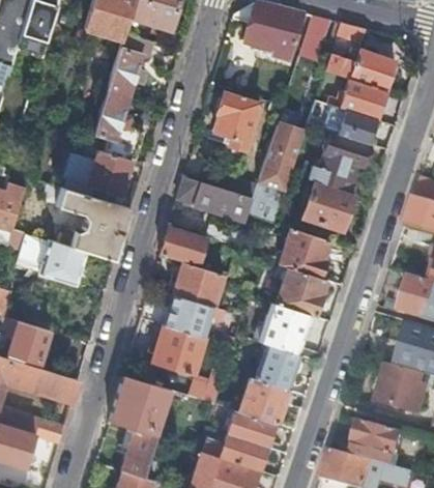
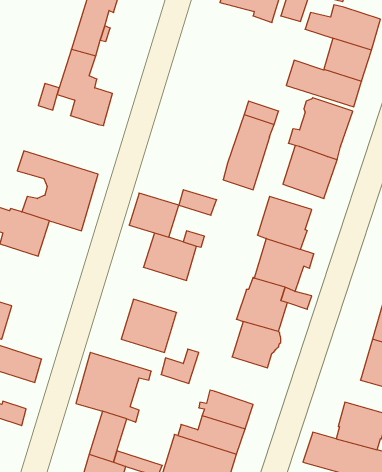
building: [205,92,259,151] -> none
building: [64,150,131,195] -> none
building: [177,175,252,226] -> none
building: [164,294,223,337] -> none
building: [239,376,289,424] -> none

